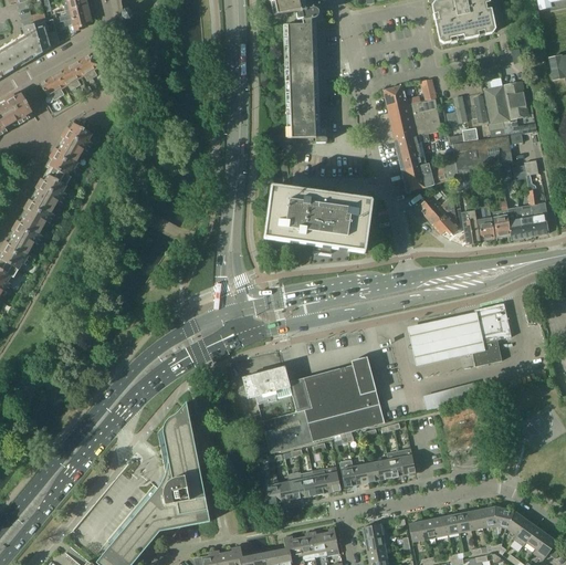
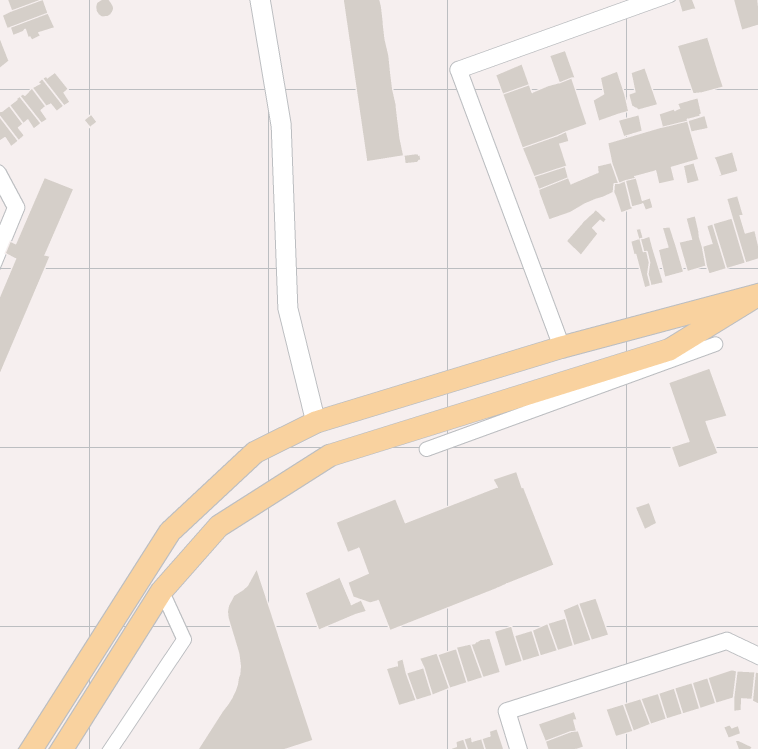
building: [485,85,512,124] -> none
building: [263,185,373,253] -> none
building: [427,193,462,233] -> none
building: [406,308,484,364] -> none
building: none -> [305,577,367,630]

